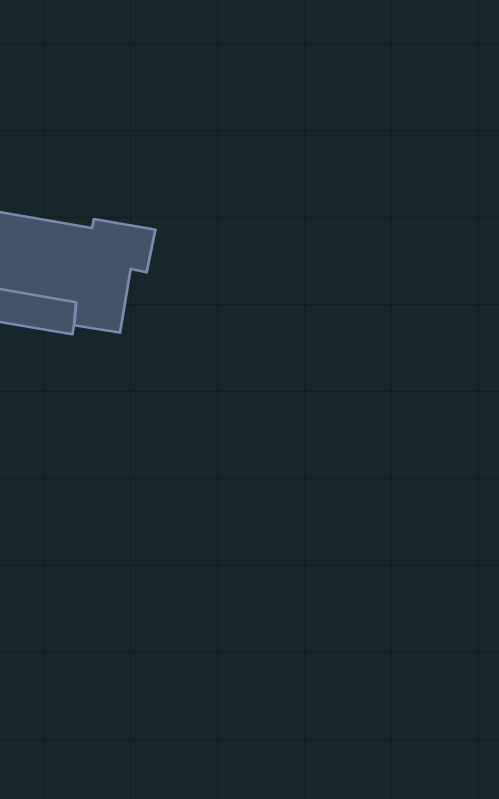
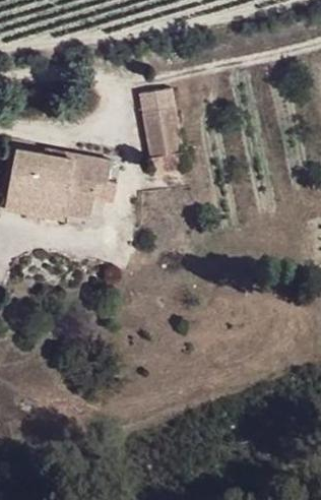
building: none -> [139,88,183,157]

